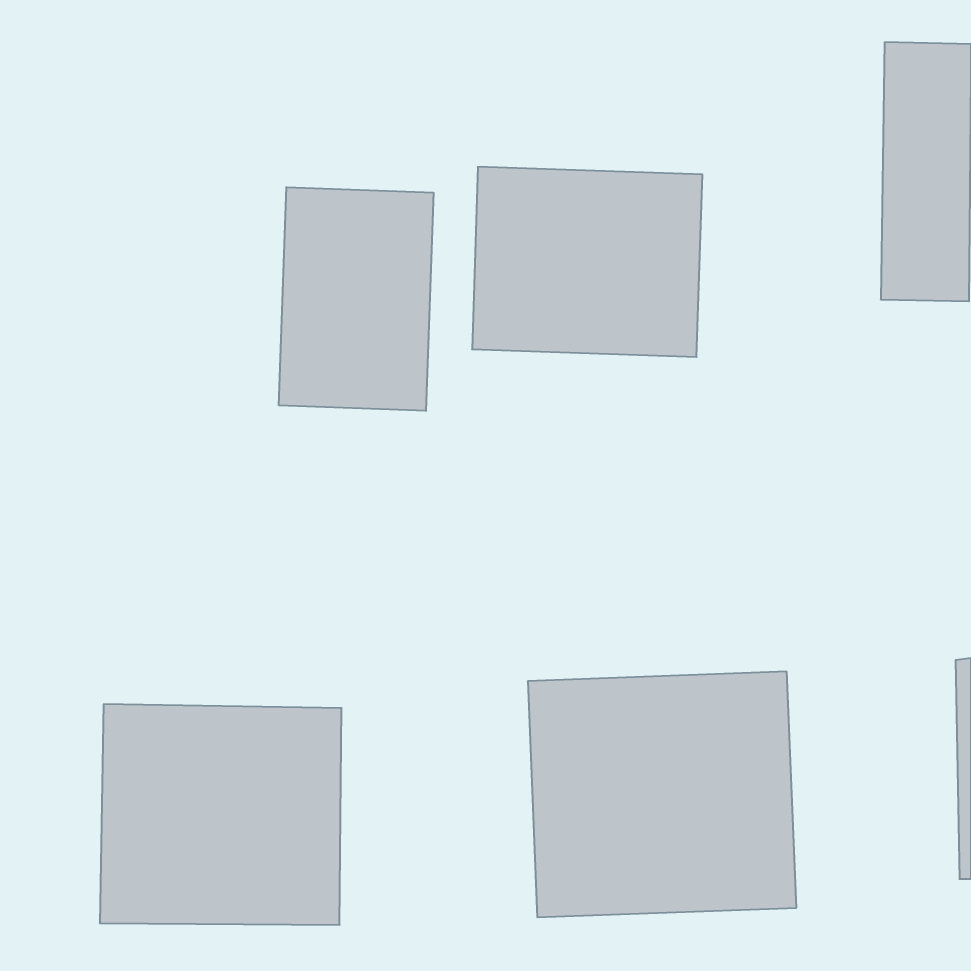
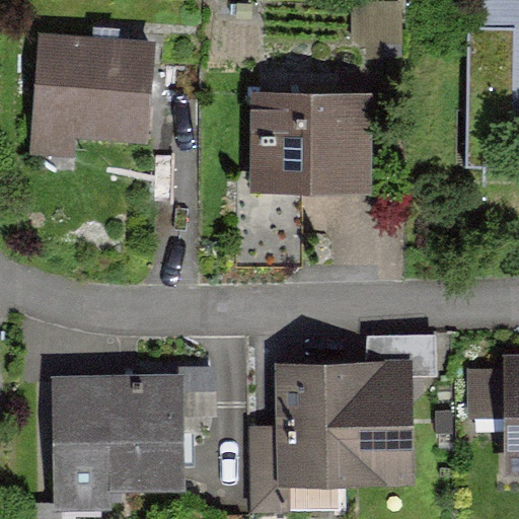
building: none -> [26,30,154,158]
building: [279,187,433,411] -> none

